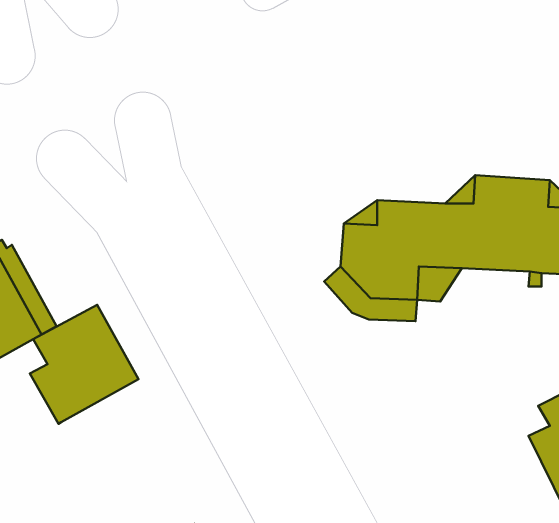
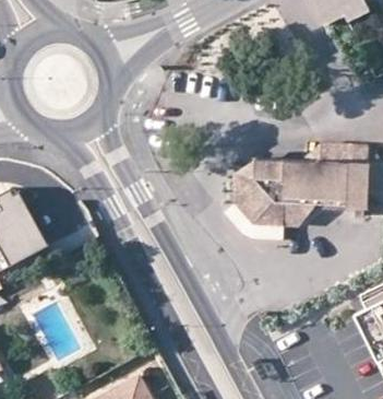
building: [30,305,139,424] -> none

